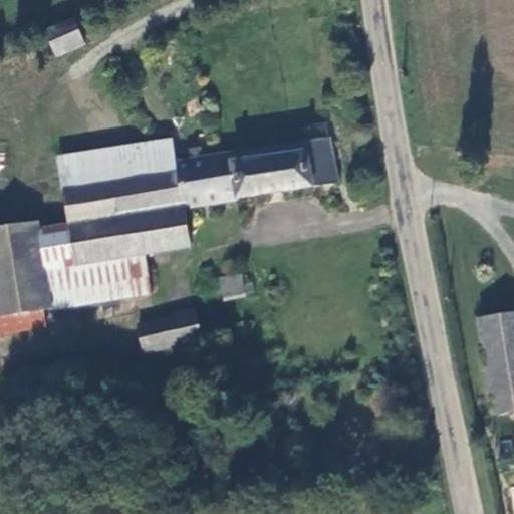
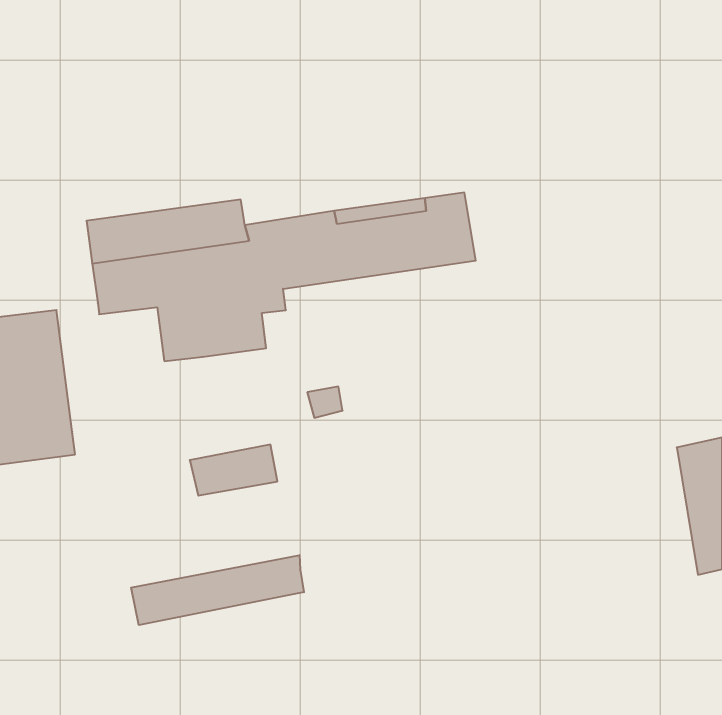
building: [48,17,85,52] -> none
building: [40,215,150,306] -> none
building: none -> [131,555,304,625]

